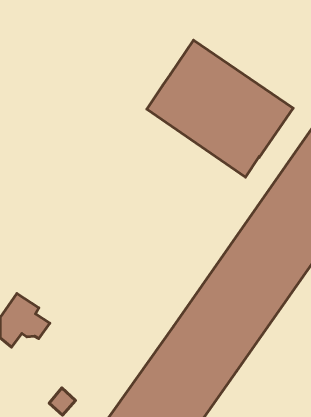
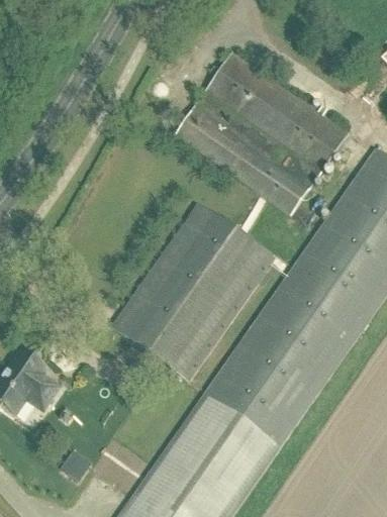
building: none -> [112,205,273,379]

